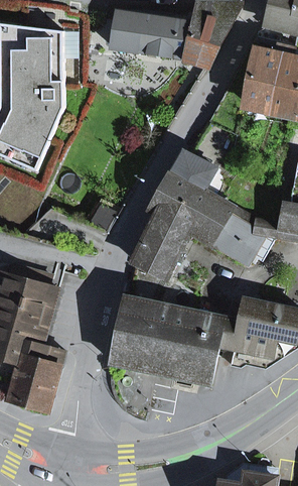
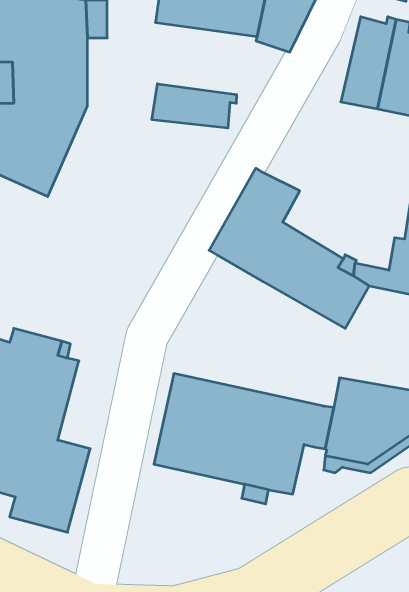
building: none -> [152,84,237,128]
building: [133,214,188,276] -> none

